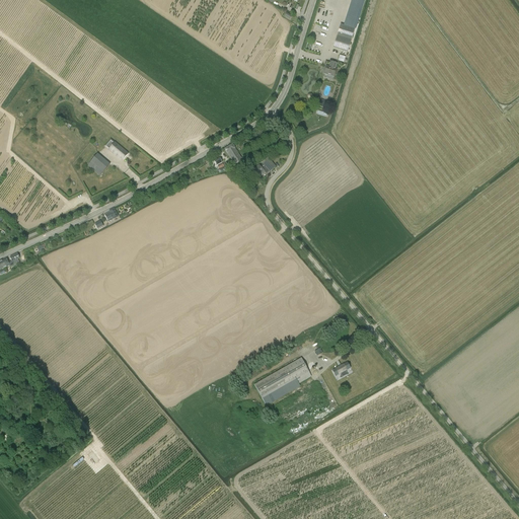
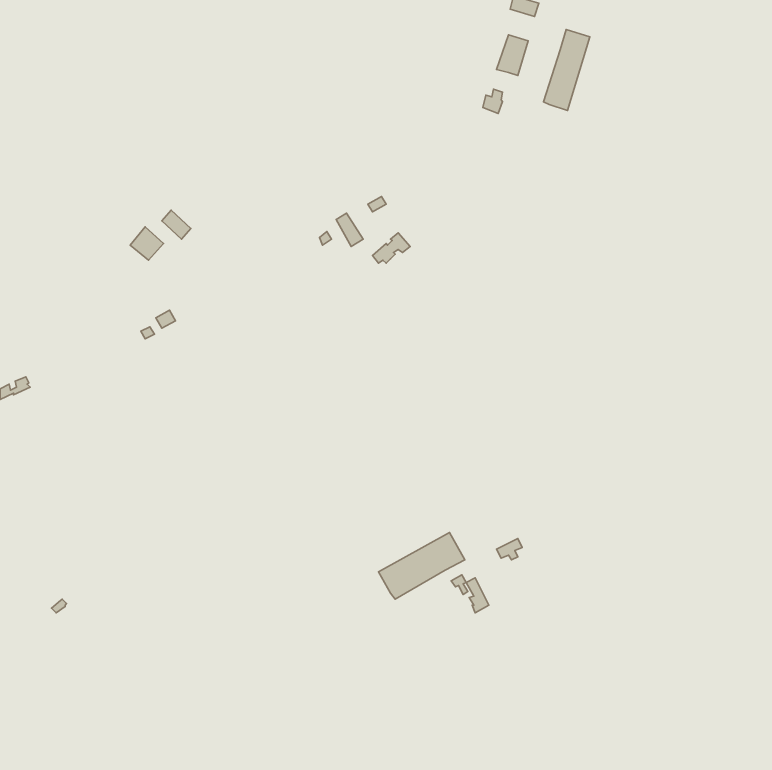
building: none -> [544,30,590,111]

